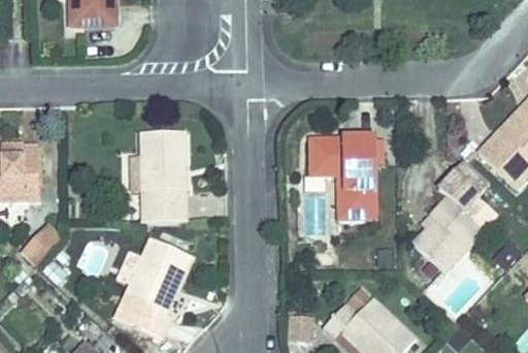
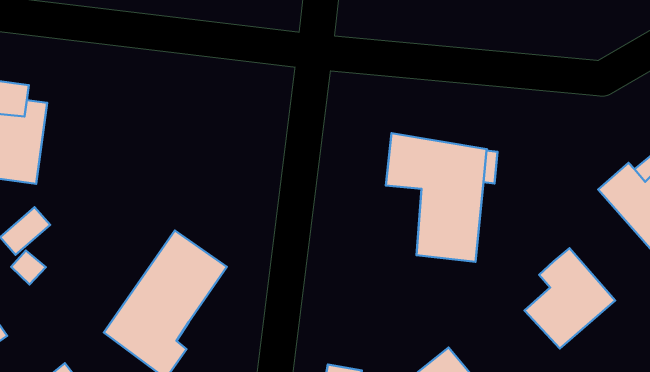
building: [138,127,189,220] -> none
building: [438,165,487,215] -> none

